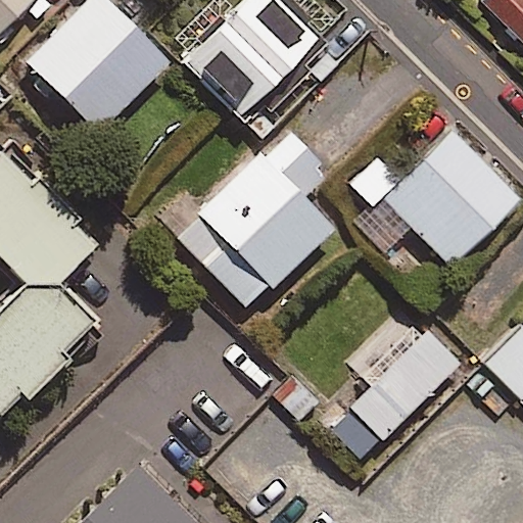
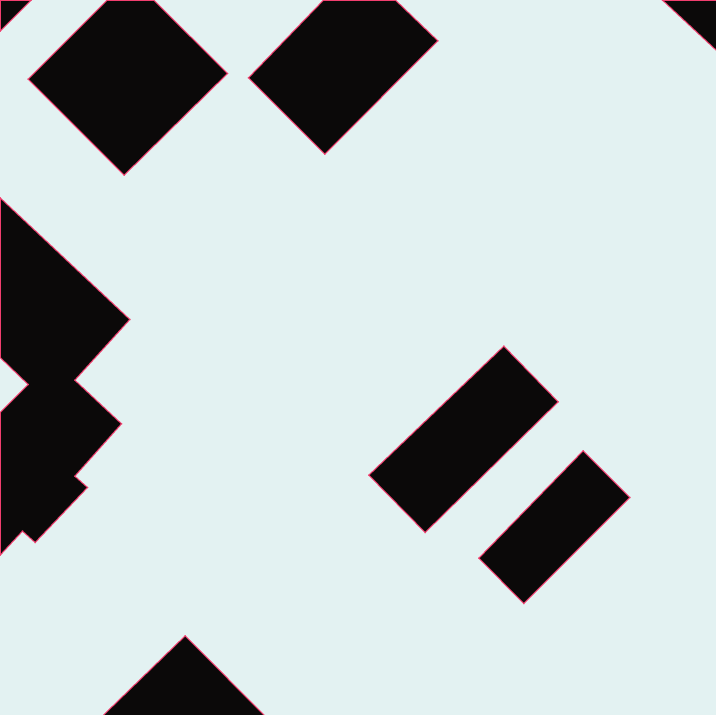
building: [177,129,334,311] -> none
building: [349,133,518,266] -> none
building: none -> [369,346,558,532]

